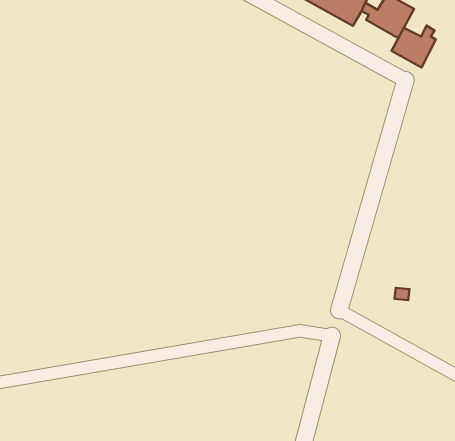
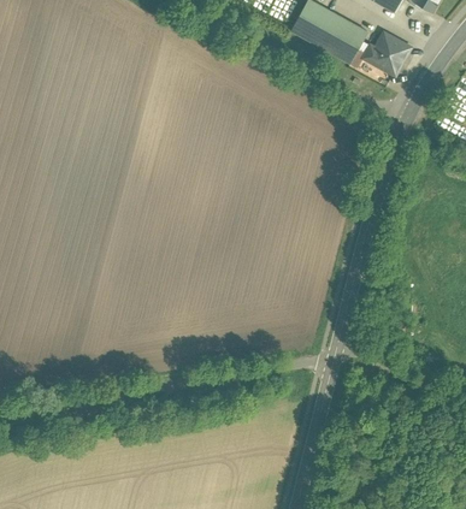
building: [391,25,436,68] -> none

